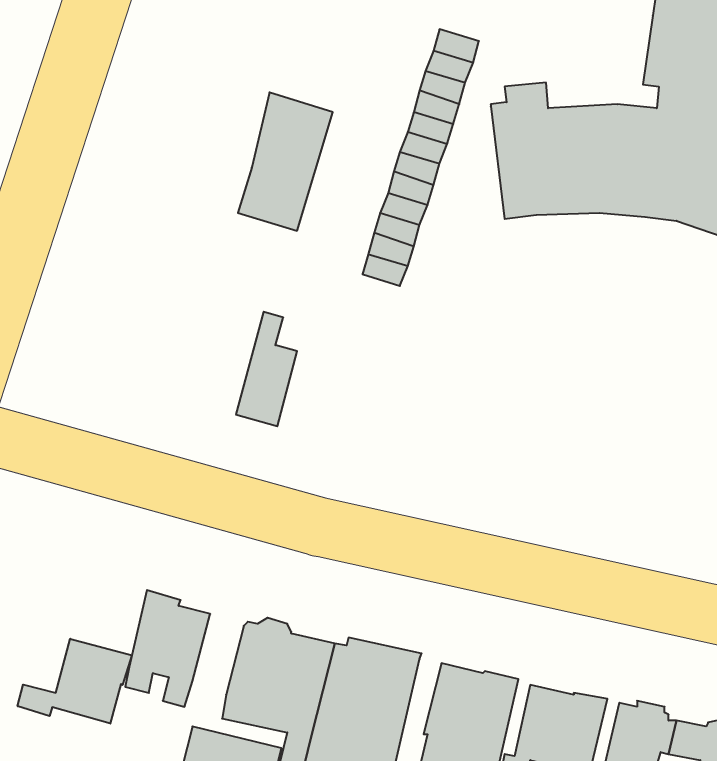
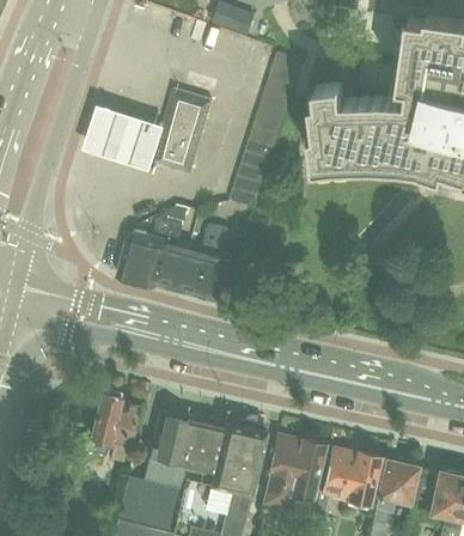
building: none -> [84,115,164,179]
building: none -> [117,221,171,286]
building: none -> [179,226,232,303]
building: [18,639,132,724] -> none

